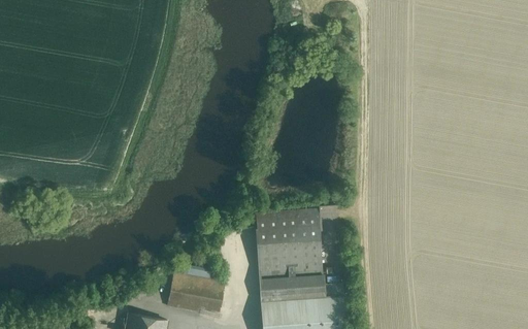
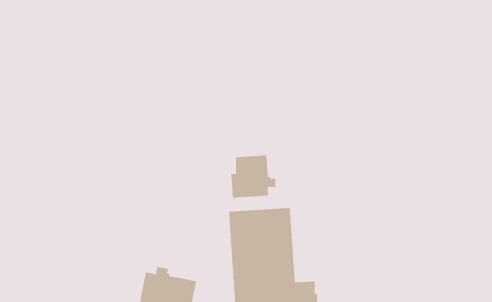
building: none -> [231,155,276,198]

